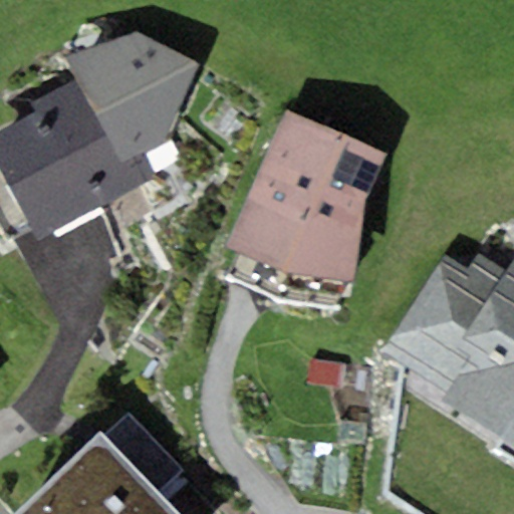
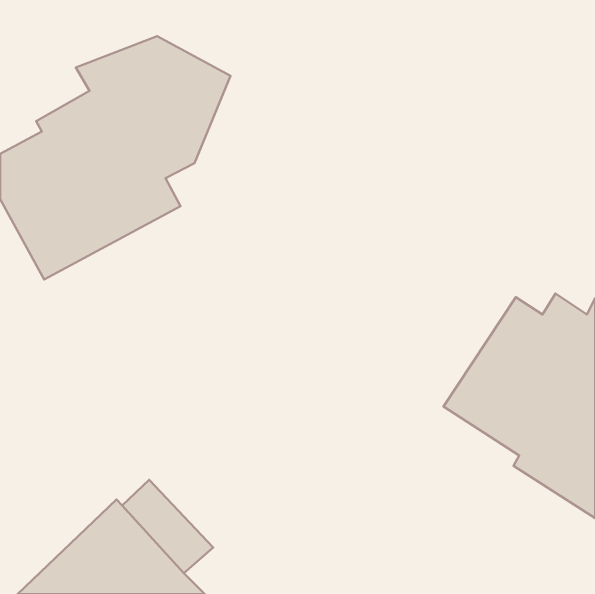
building: [226,109,388,283] -> none

